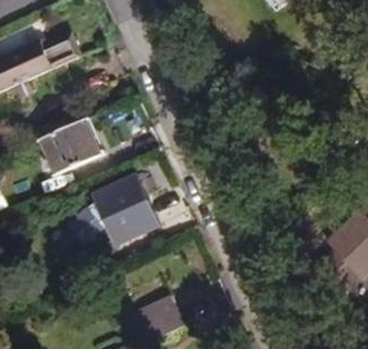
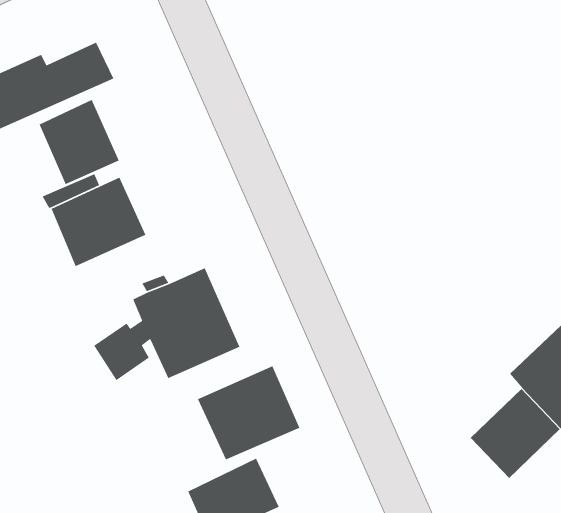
building: none -> [39,99,120,185]
building: none -> [197,365,300,460]

